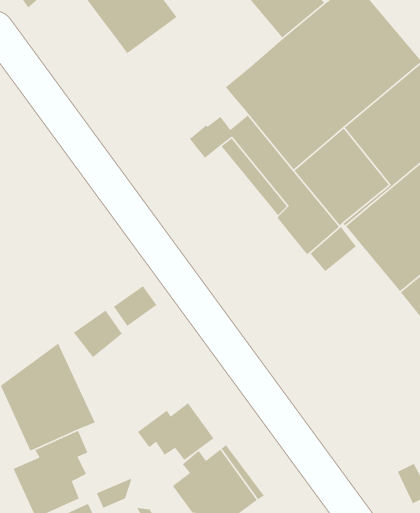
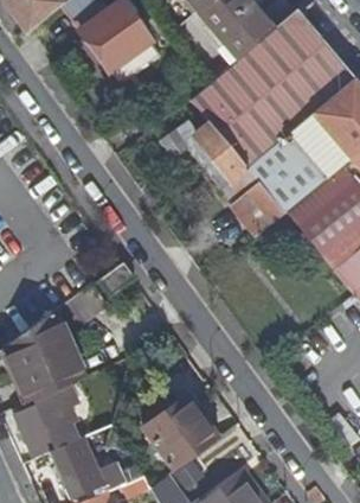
building: [137,402,215,461] -> none

